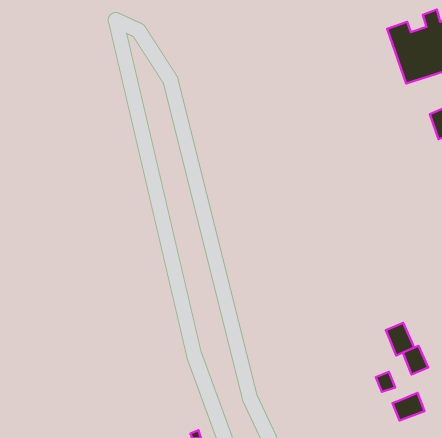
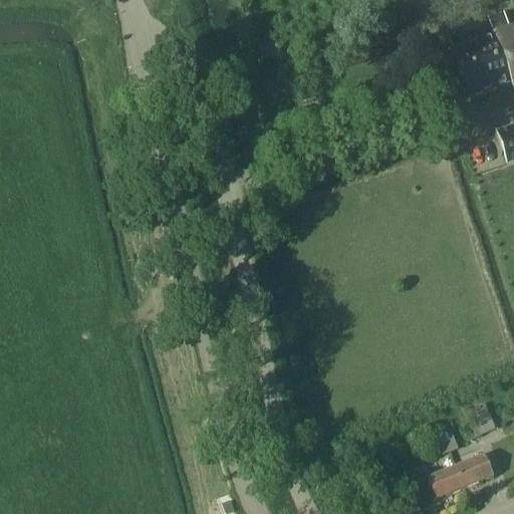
building: [386,323,414,356] -> none
building: none -> [428,465,464,497]

